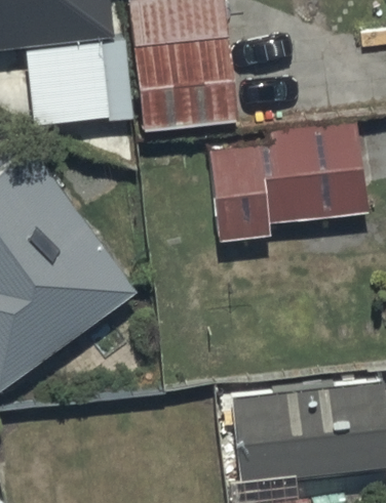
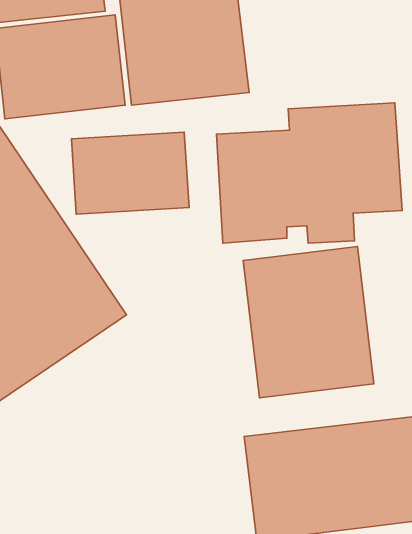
building: none -> [72,132,189,214]
building: none -> [243,246,374,398]

